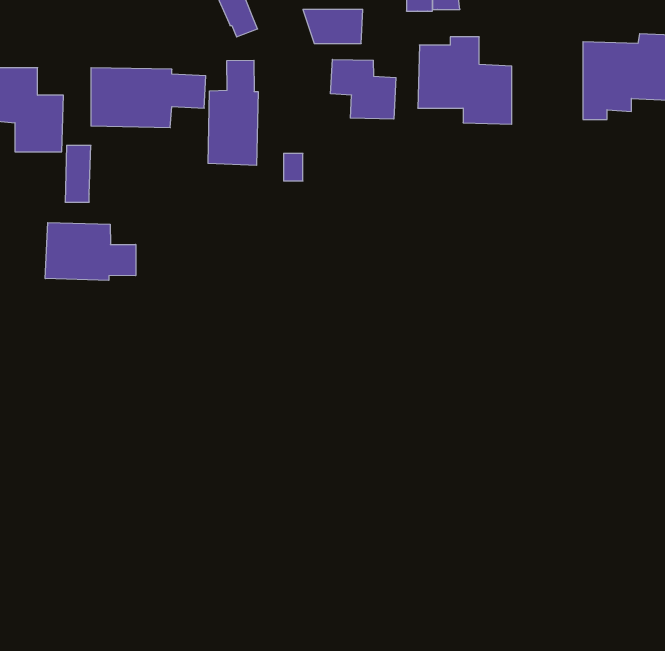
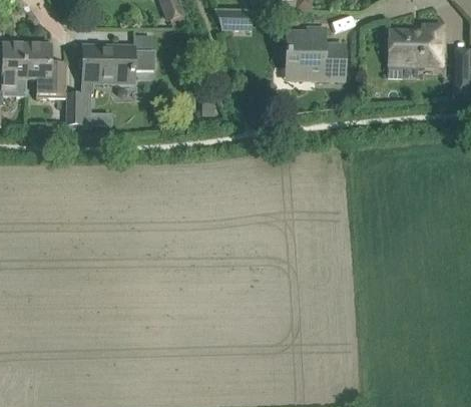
building: [331,59,396,119] -> none
building: [208,60,258,165] -> none
building: [45,223,136,280] -> none

